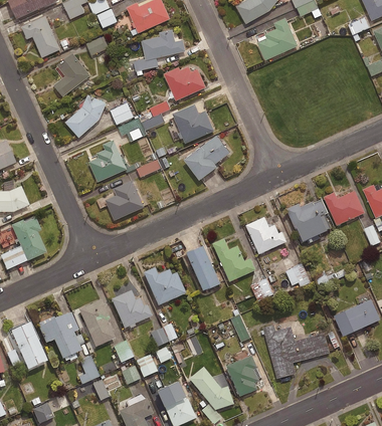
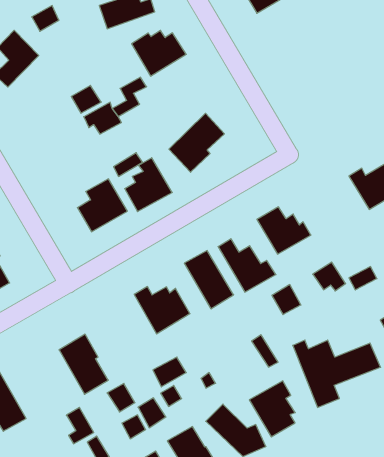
building: [64,95,107,138] -> none
building: [172,104,214,144] -> none
building: [90,139,128,180] -> [125,158,172,212]
building: [286,200,332,242] -> none
building: [112,290,153,328] -> none
building: [39,312,82,359] -> none

